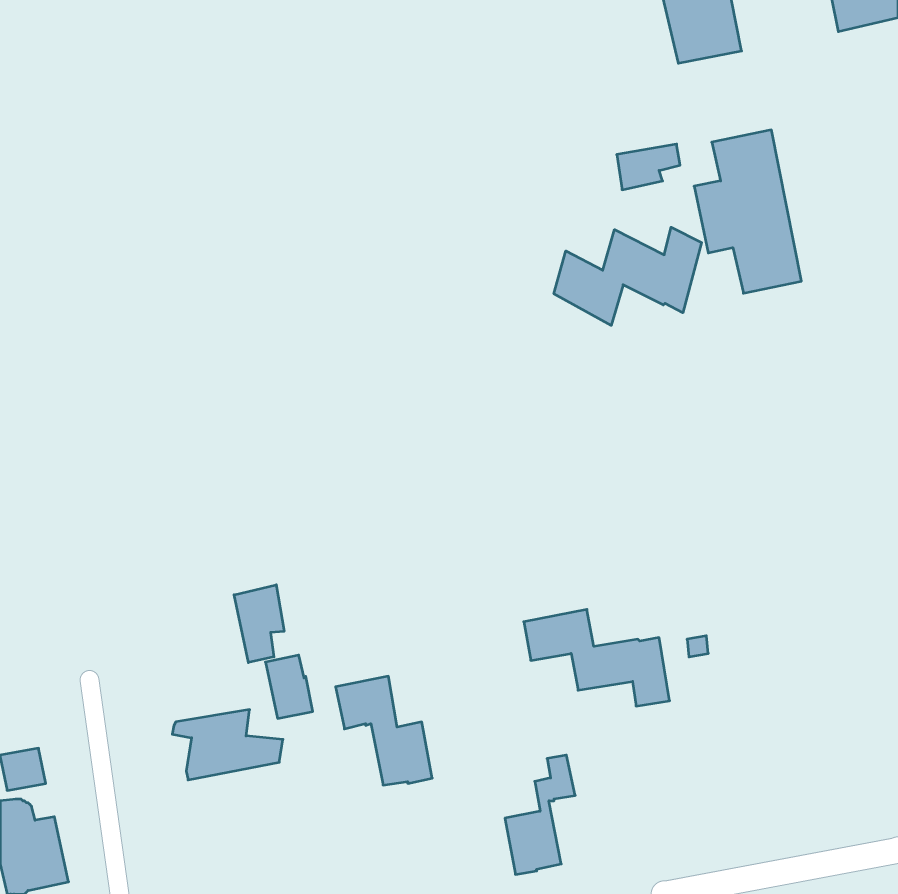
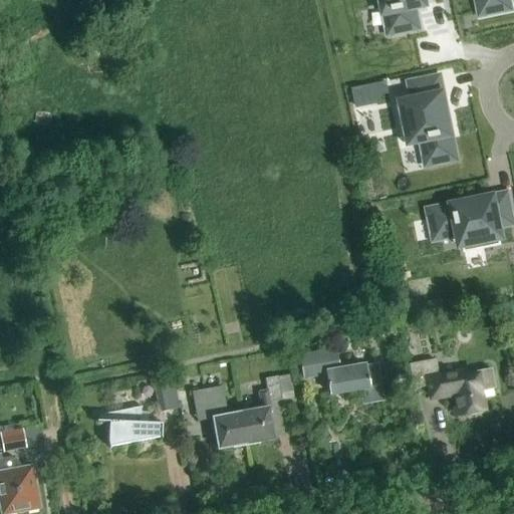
building: [554,227,702,325] -> none
building: none -> [428,183,509,251]
building: [234,585,284,663] -> none
building: none -> [410,359,494,416]
building: [505,755,575,874] -> [241,376,281,445]

